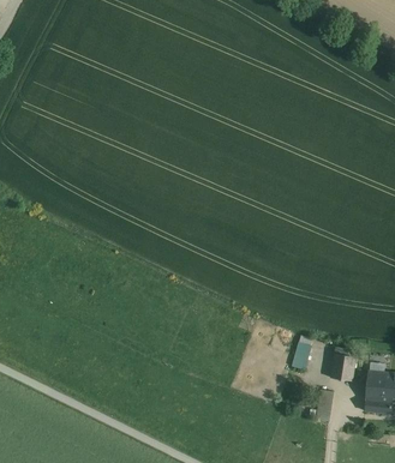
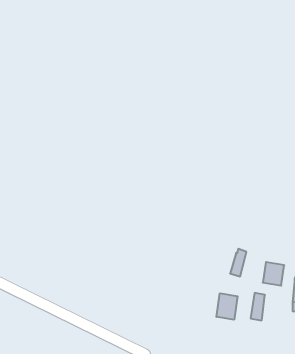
building: none -> [216,293,238,320]

